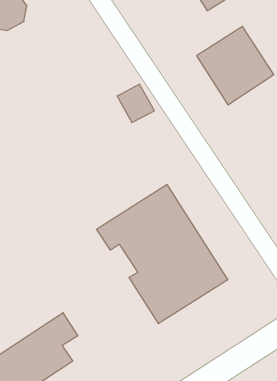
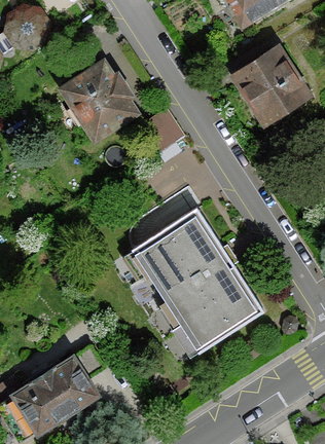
building: none -> [59,59,138,143]

